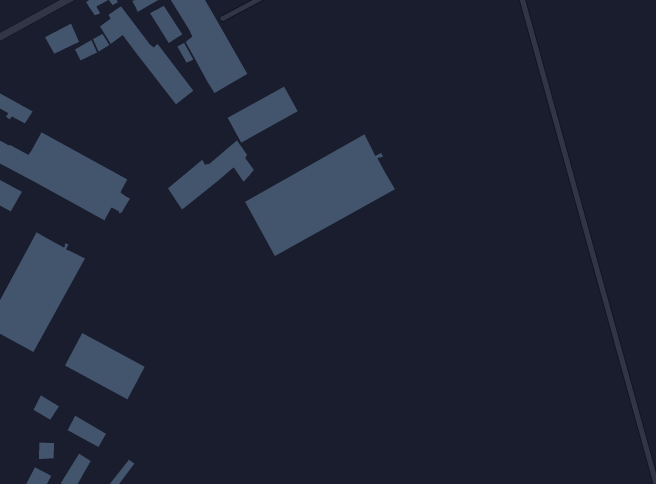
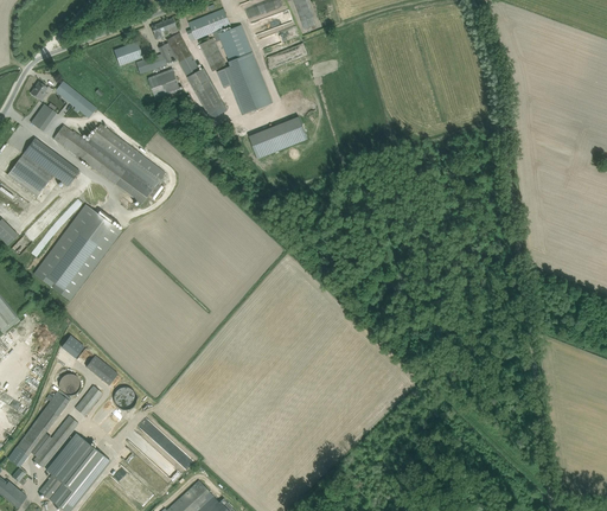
building: none -> [147,69,179,100]
building: [243,133,396,257] -> none
building: [167,139,255,211] -> none
building: [64,332,146,401] -> none

